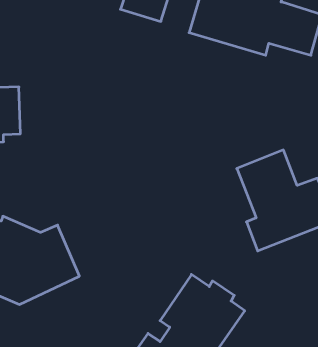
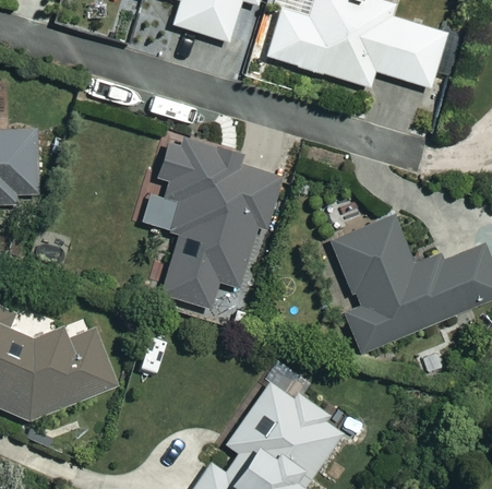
building: none -> [142,140,281,318]

